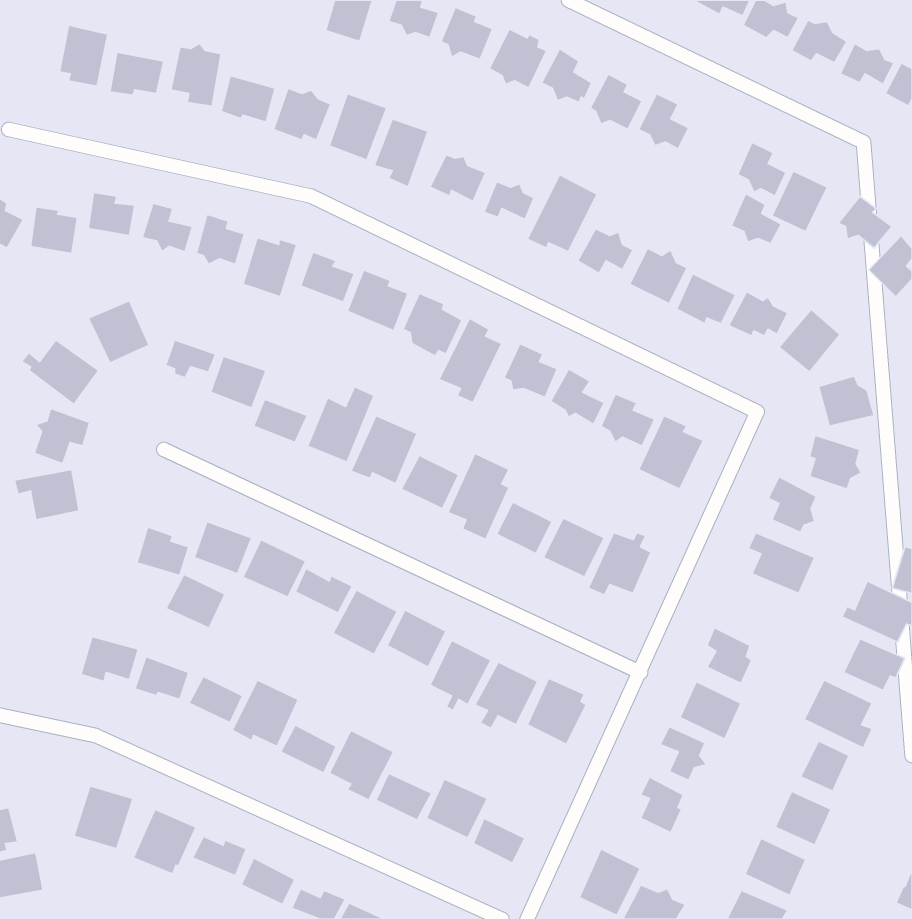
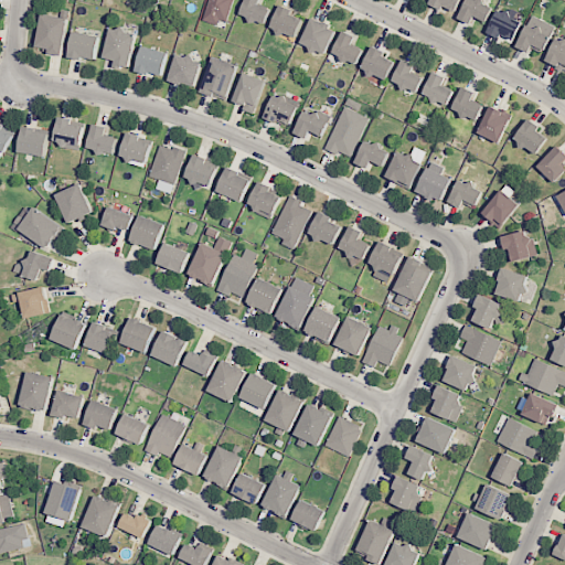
building: [731,194,782,244] -> [423,73,454,104]
building: [166,574,225,628] -> [49,317,85,350]
building: none -> [443,356,477,391]
building: none -> [18,374,53,412]

